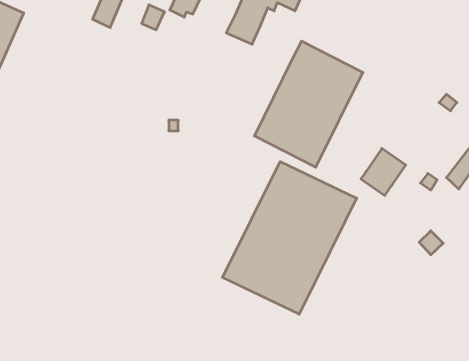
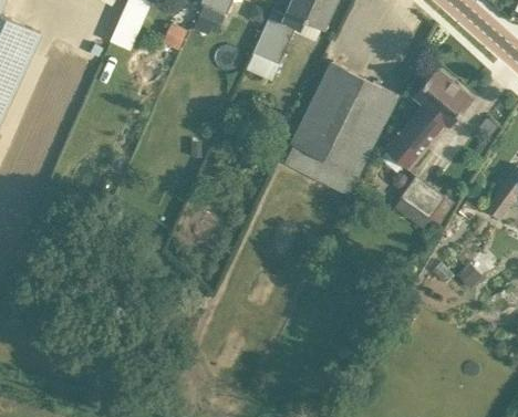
building: none -> [384,71,472,170]
building: [223,162,357,314] -> none

